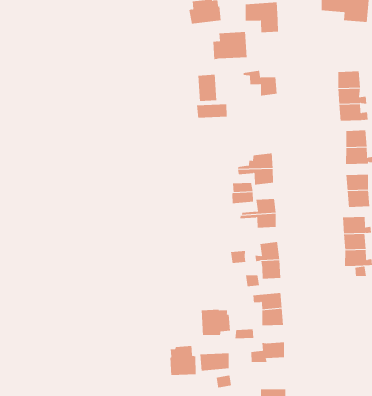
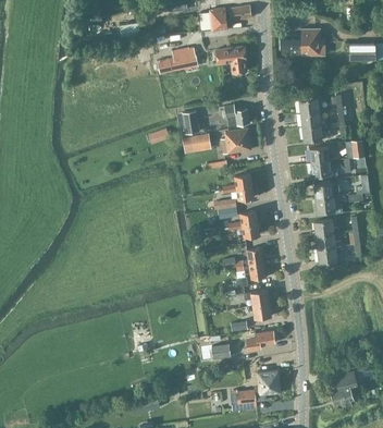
building: [213,31,247,60] -> [221,129,251,155]
building: [201,309,230,336] -> none
building: [170,345,196,376] -> none

